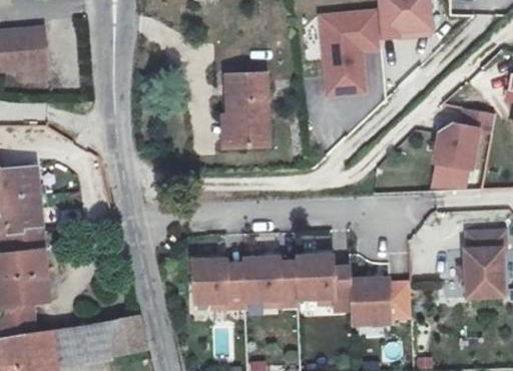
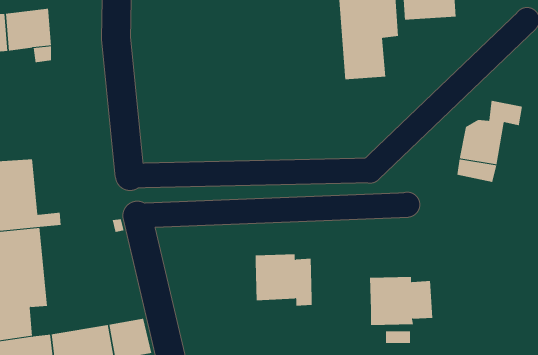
building: [222,72,271,148] -> none
building: [463,231,504,297] -> none
building: [296,254,351,309] -> none
building: [192,258,244,306] -> none

